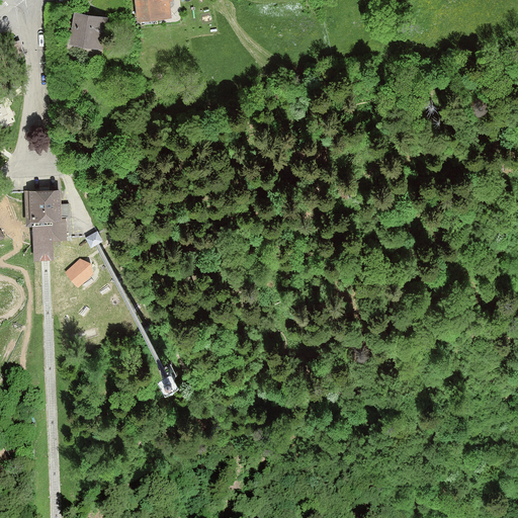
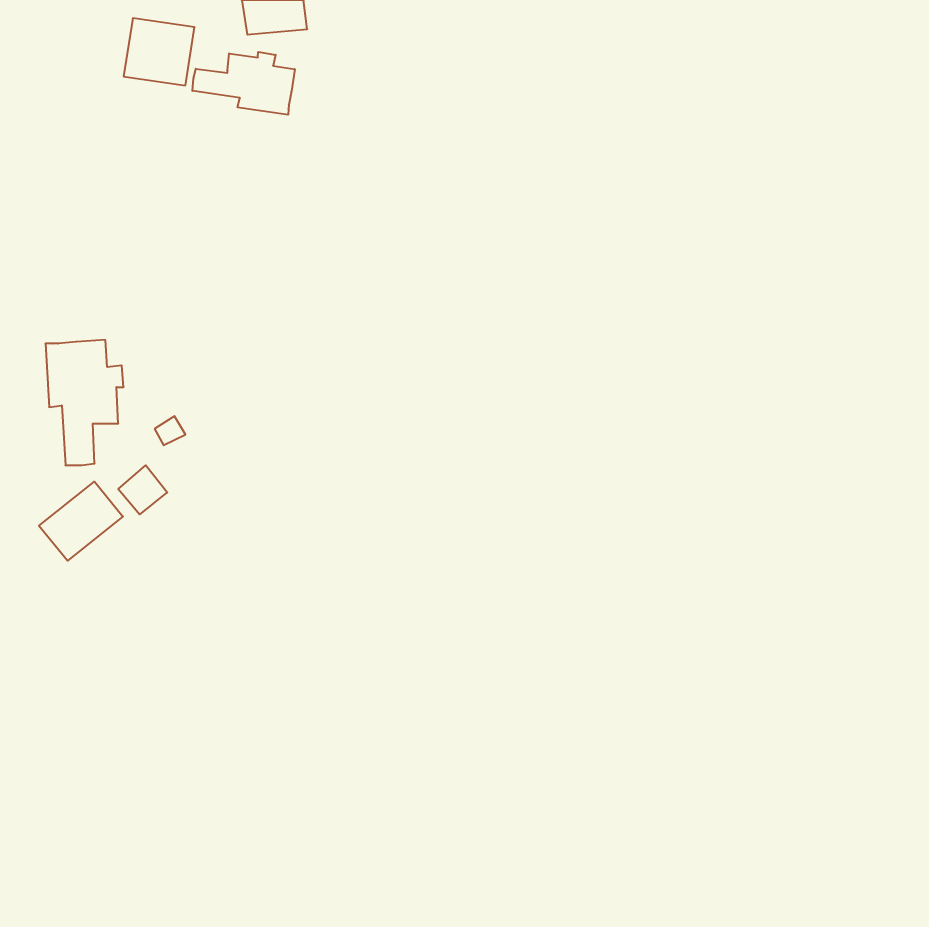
building: none -> [192,52,295,115]
building: none -> [39,482,123,561]

